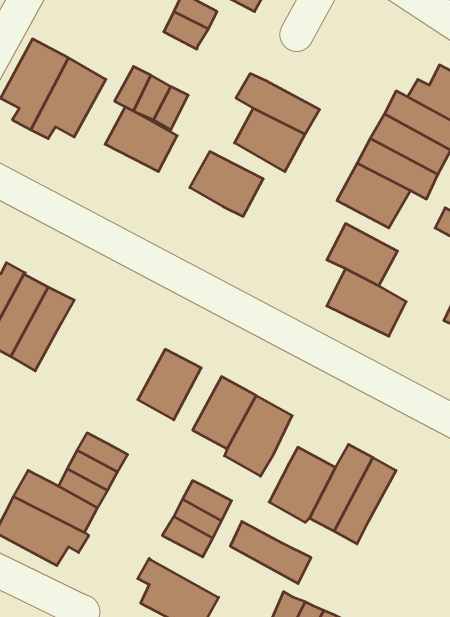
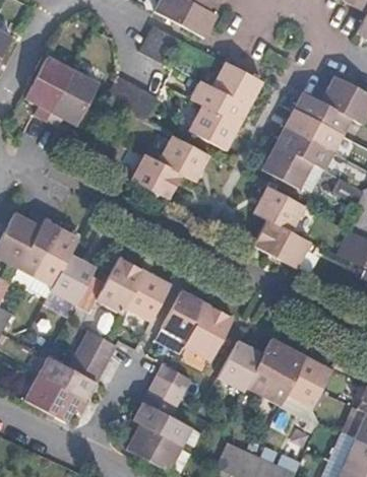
building: none -> [213,60,264,105]
building: [105,107,177,172] -> [132,152,183,198]
building: none -> [48,255,95,308]
building: none -> [93,259,142,315]
building: none -> [285,358,330,411]
building: [230,521,311,584] -> [132,404,189,448]

